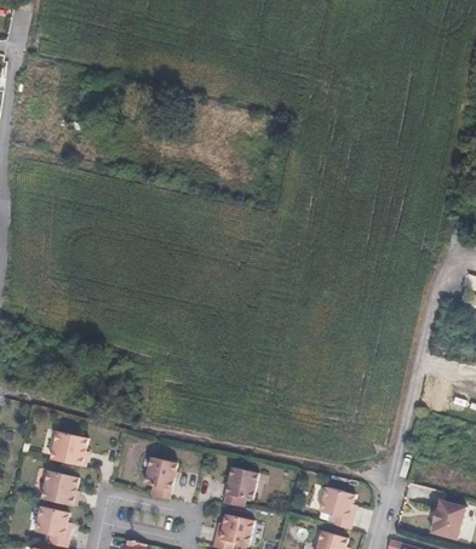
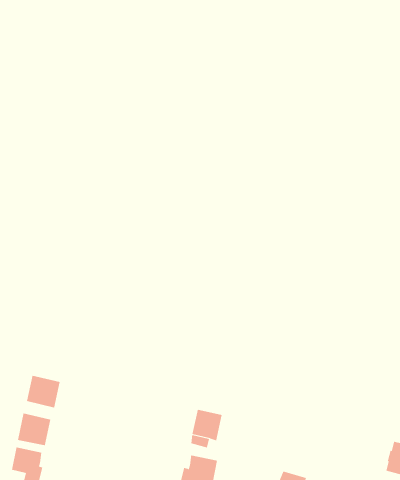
building: [142,456,176,498] -> none
building: [320,487,356,530] -> none

